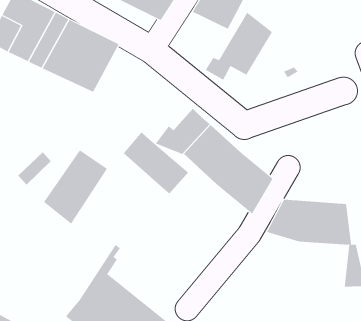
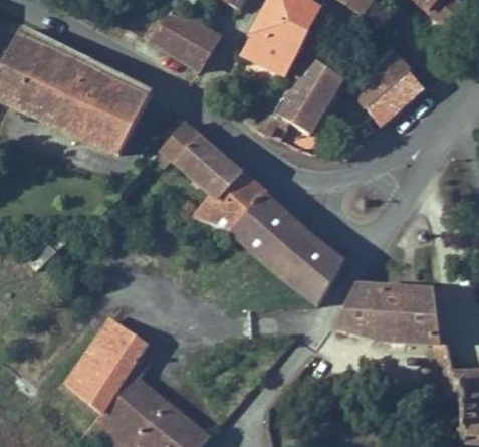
building: none -> [350,48,422,125]
building: [123,131,189,194] -> [160,122,242,200]
building: [43,149,108,224] -> [65,318,146,412]

